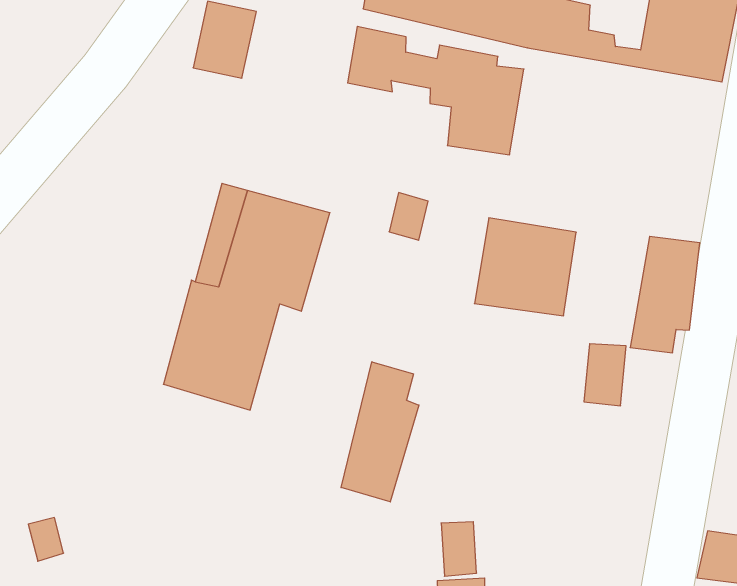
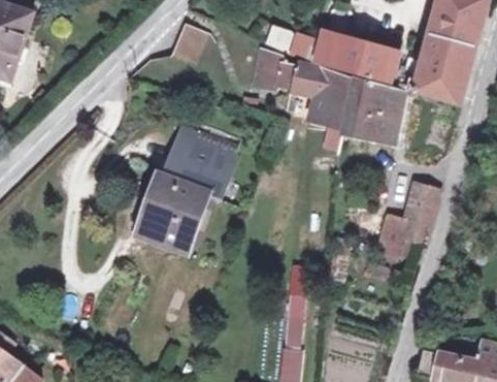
building: [474,218,576,316] -> [340,83,399,139]
building: [341,362,419,502] -> none

